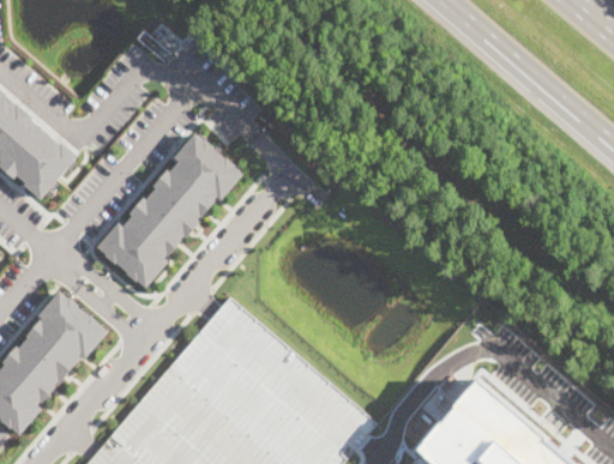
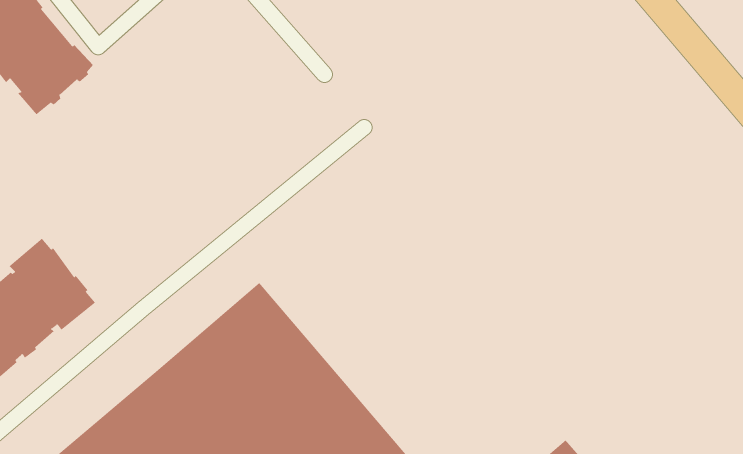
building: [97,133,241,288] -> none

